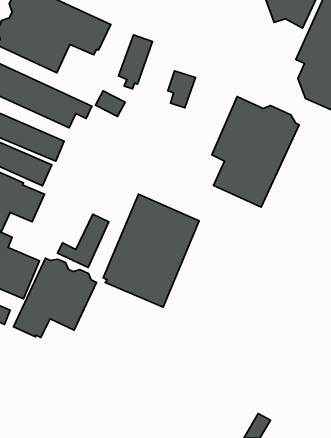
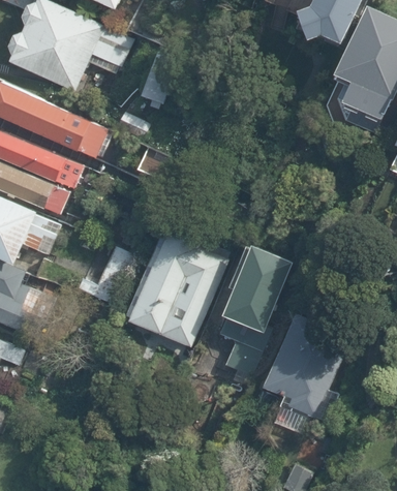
building: [212,97,299,207] -> none
building: none -> [207,242,300,377]
building: [13,258,97,337] -> none
building: none -> [263,312,349,420]

